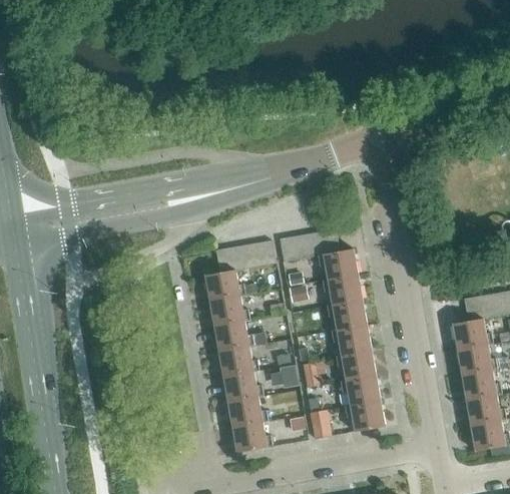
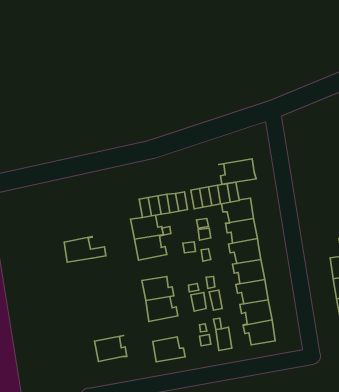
building: none -> [219,159,256,184]
building: [214,319,267,351] -> [64,236,106,262]
building: [227,395,268,427] -> [95,336,127,361]

